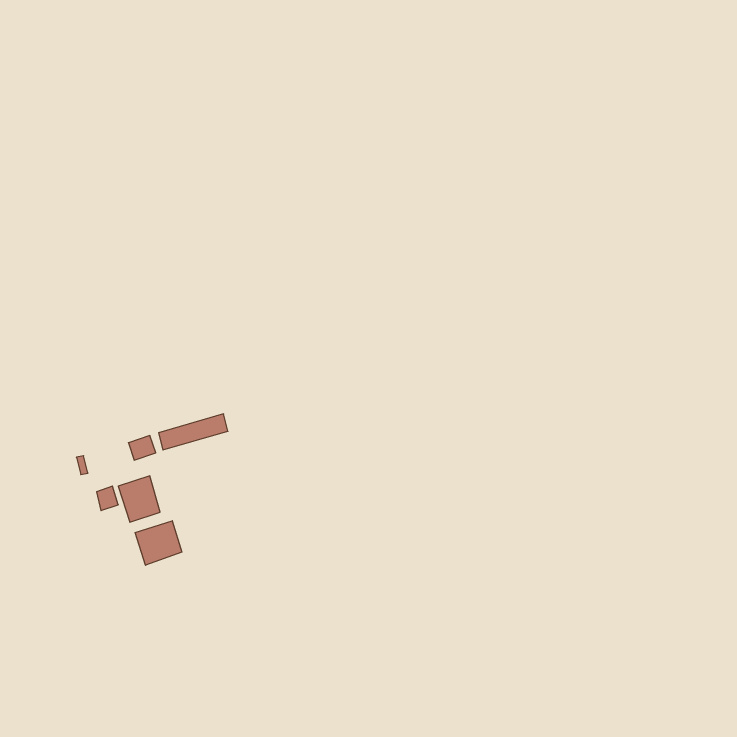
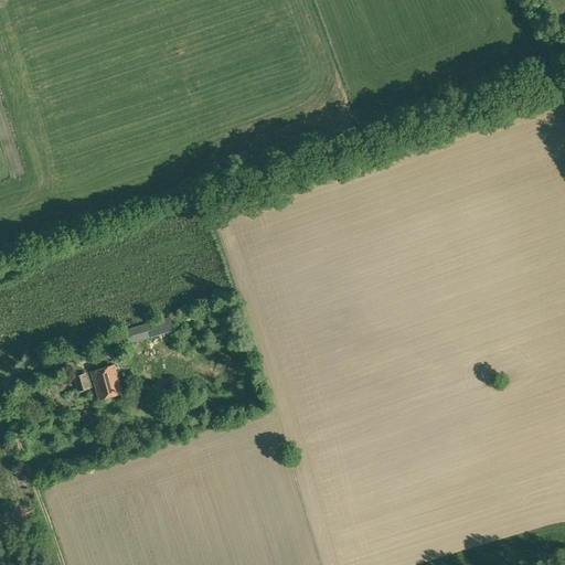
building: [135,521,182,565] -> none

